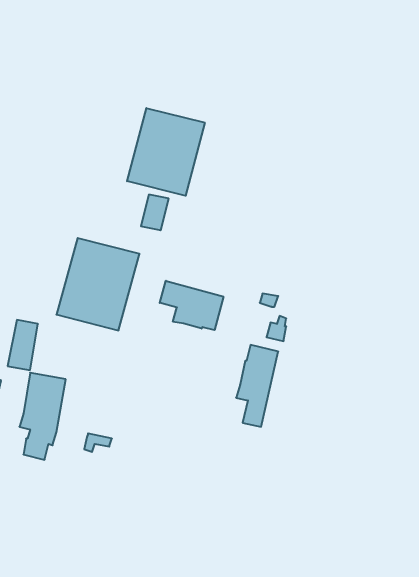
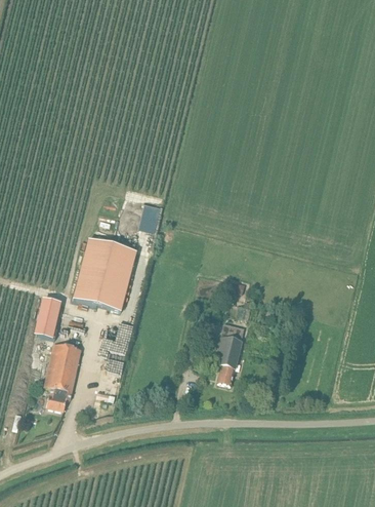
building: [127,108,205,196] -> none
building: [160,281,223,330] -> none

